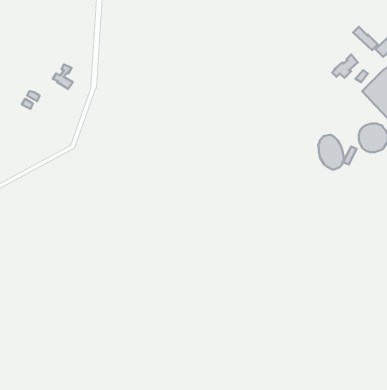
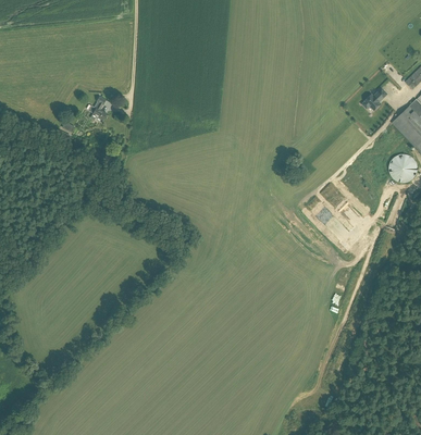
building: [318,135,344,170] -> none

